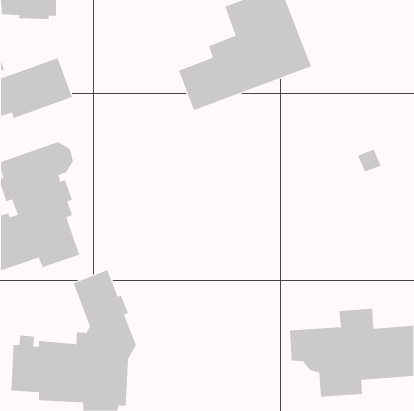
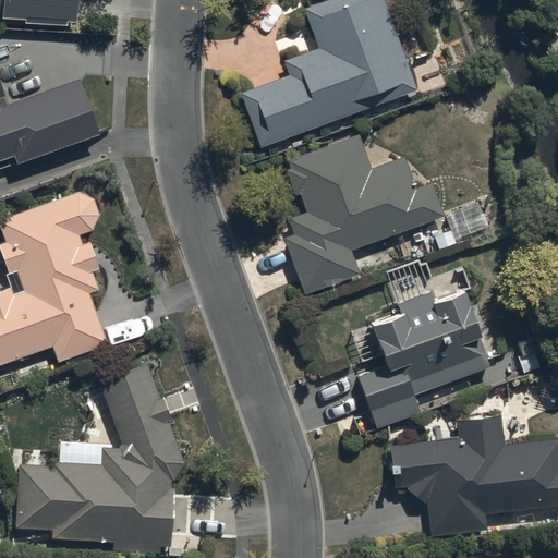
building: none -> [282,134,444,296]
building: none -> [357,290,490,429]

